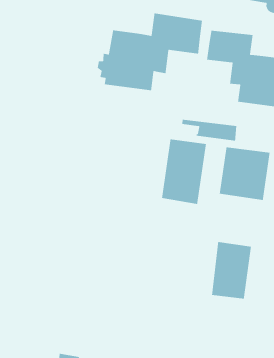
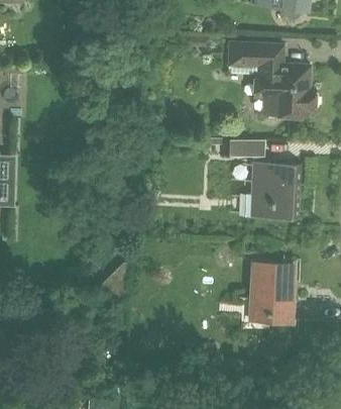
building: [97,12,203,91] -> none
building: [161,138,207,205] -> none

